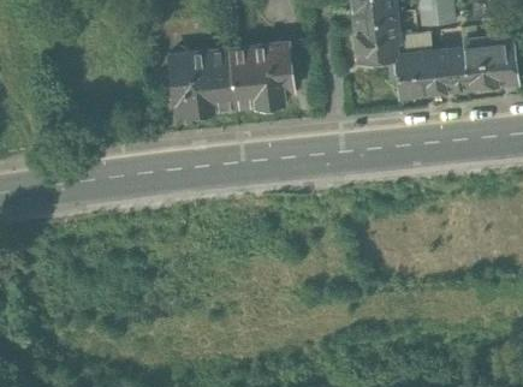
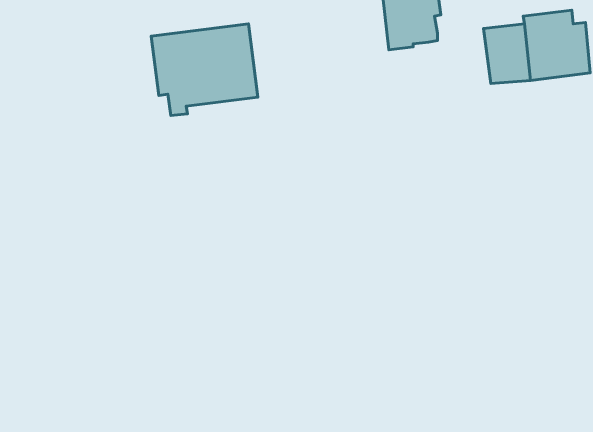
building: [248,41,291,105] -> none
building: [390,50,439,100] -> none

